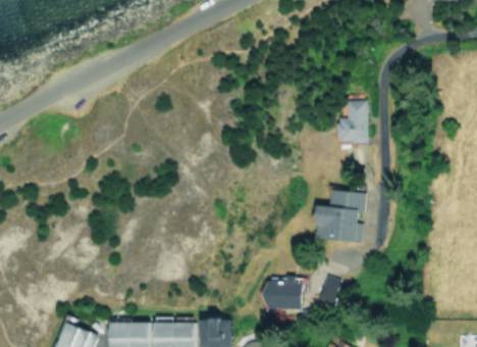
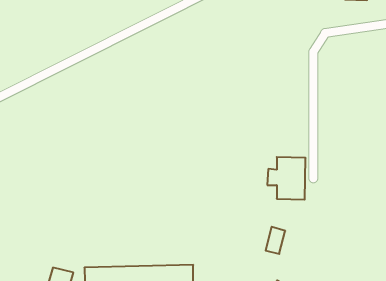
building: [339,99,375,143] -> none
building: [268,276,309,309] -> none

